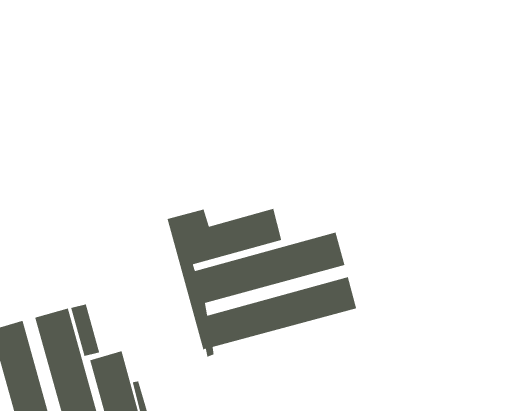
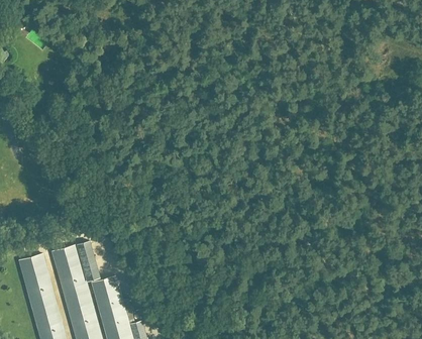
building: [166,208,357,358] -> none

